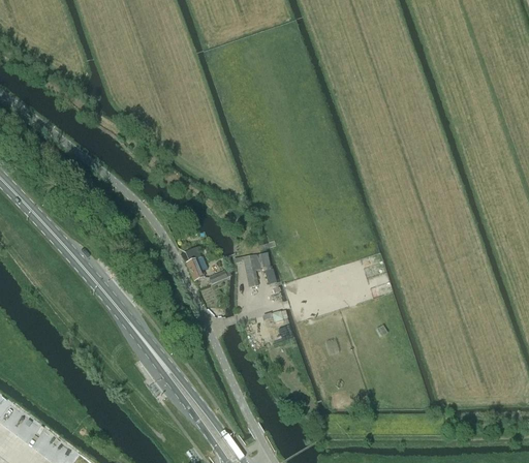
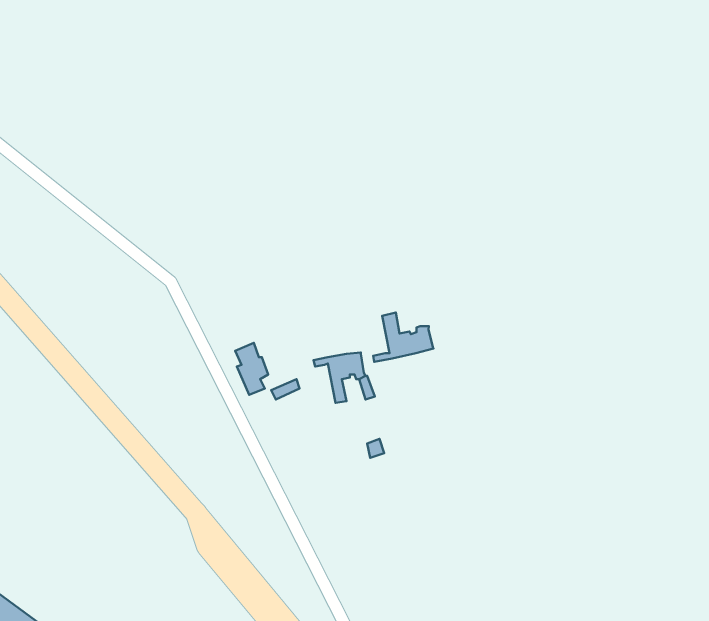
building: none -> [373,313,433,362]

